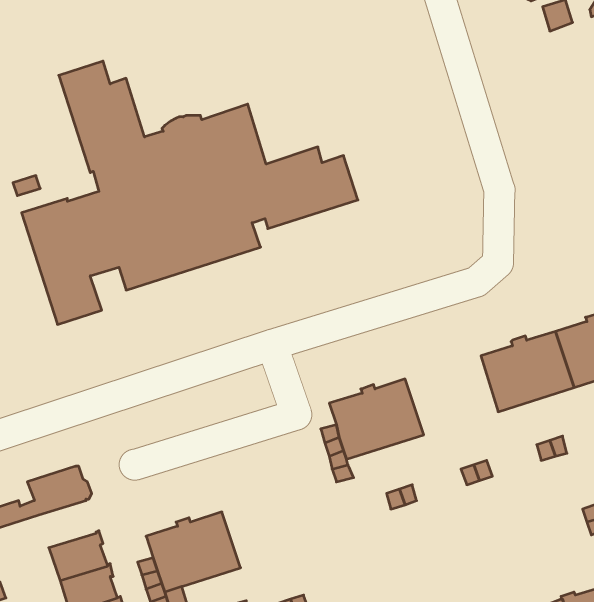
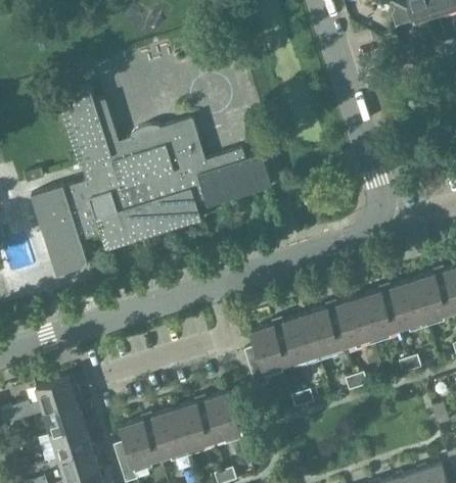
building: none -> [305,299,371,355]
building: none -> [174,393,241,450]
building: none -> [43,401,84,436]

